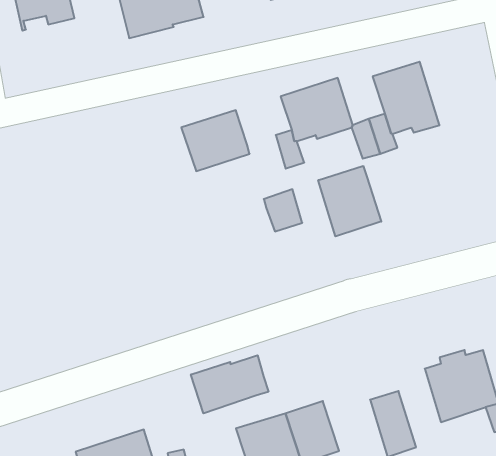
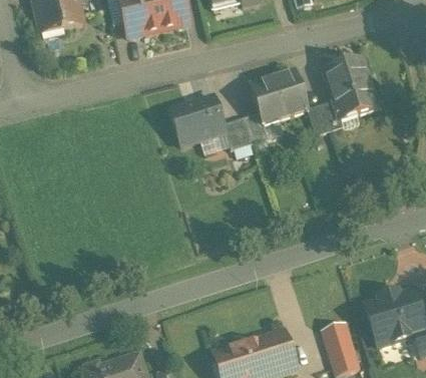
building: [318,166,381,236] -> none
building: [264,189,302,231] -> [222,115,253,149]
building: [191,355,268,413] -> none

